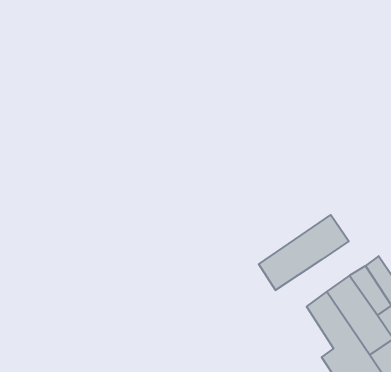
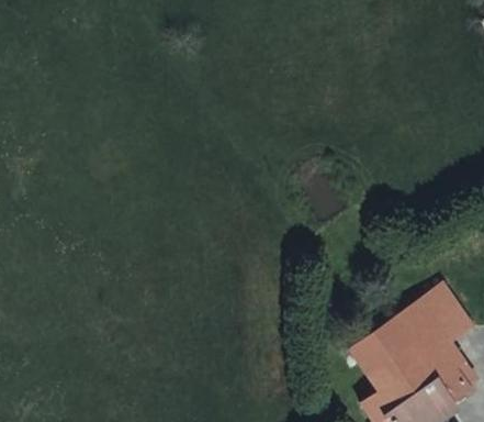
building: [259,215,349,290] -> none

